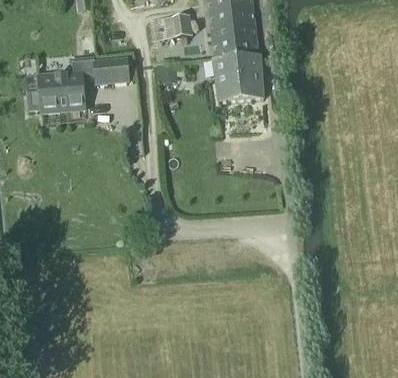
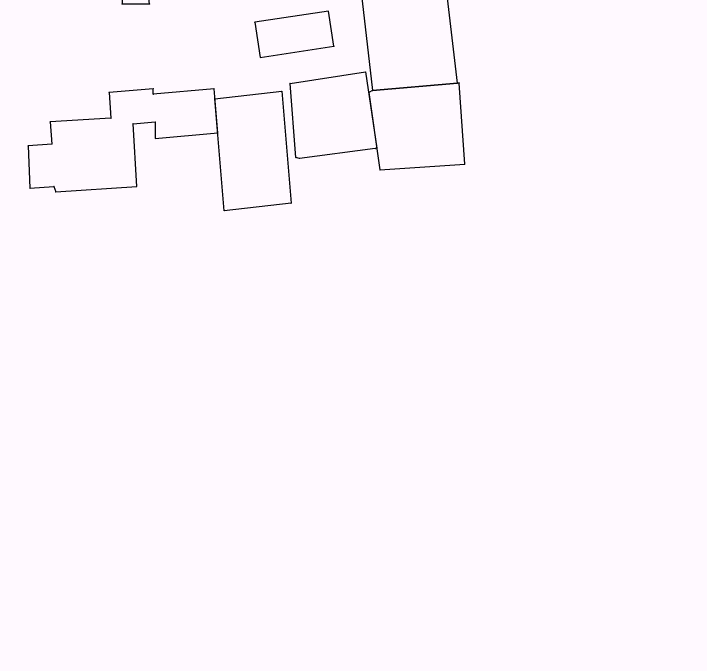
building: none -> [290,72,377,158]
building: none -> [215,91,291,211]

